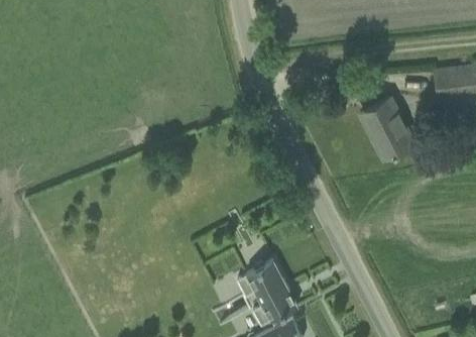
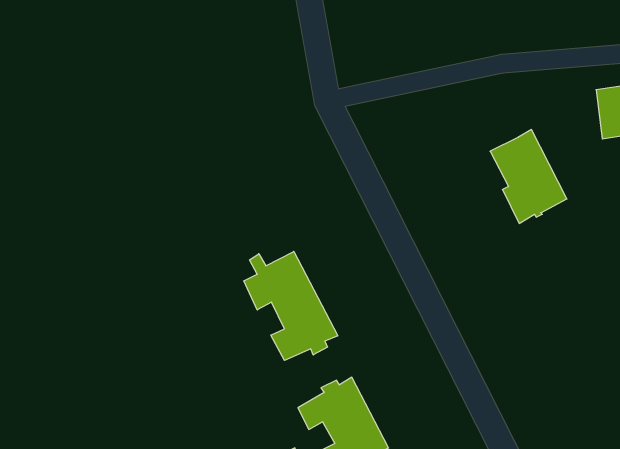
building: none -> [244,251,338,360]

